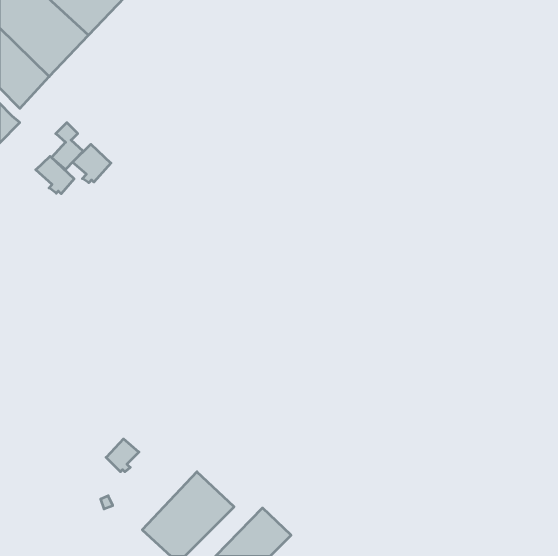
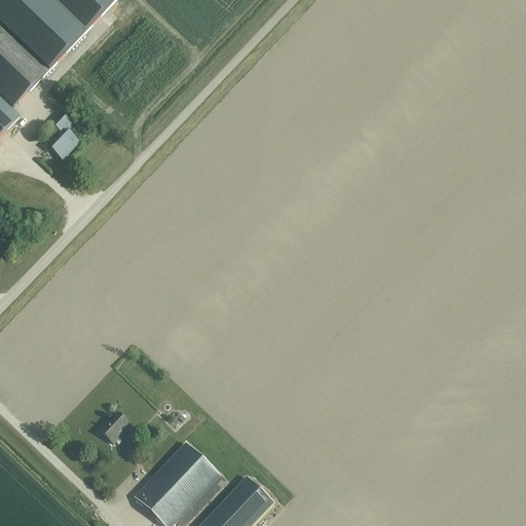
building: [73,144,111,183] -> none
building: [36,156,74,194] -> none

